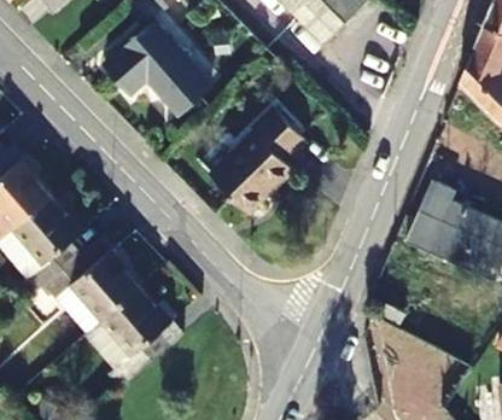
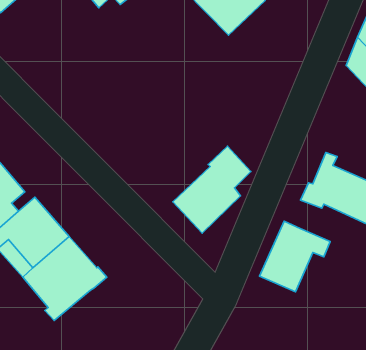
building: [109,21,215,109] -> none
building: [209,111,302,215] -> [173,146,251,233]
building: none -> [260,221,330,292]

